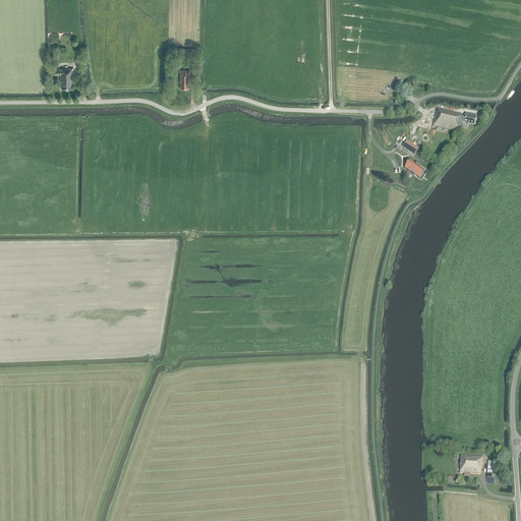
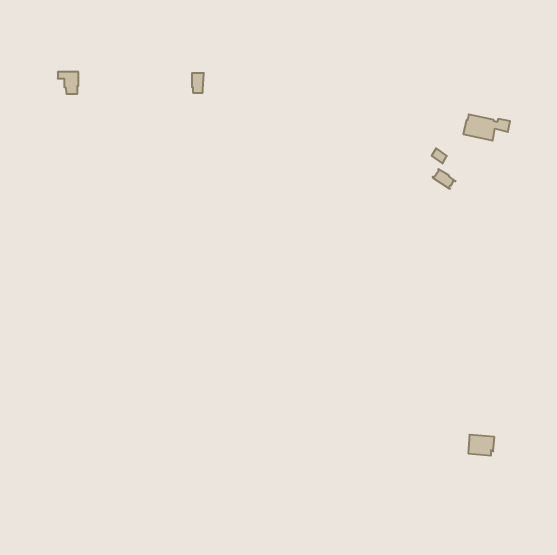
building: [458,453,482,472] -> [468,435,494,456]

